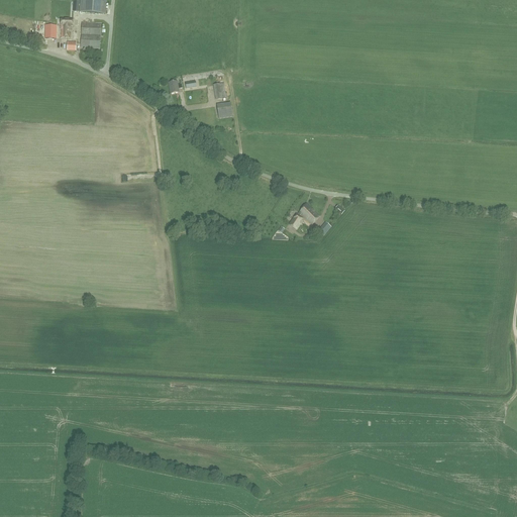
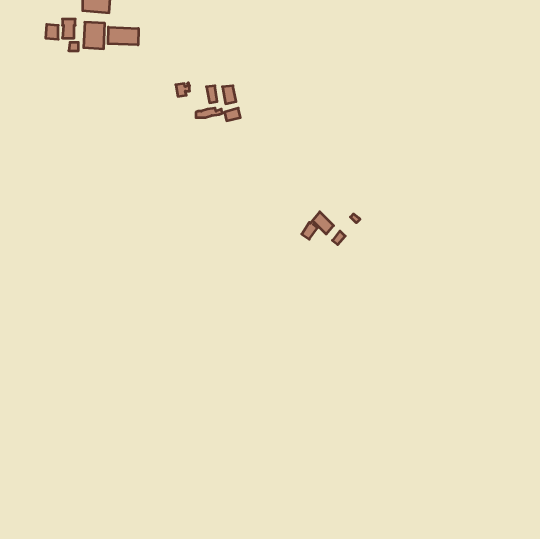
building: none -> [108,27,138,45]

